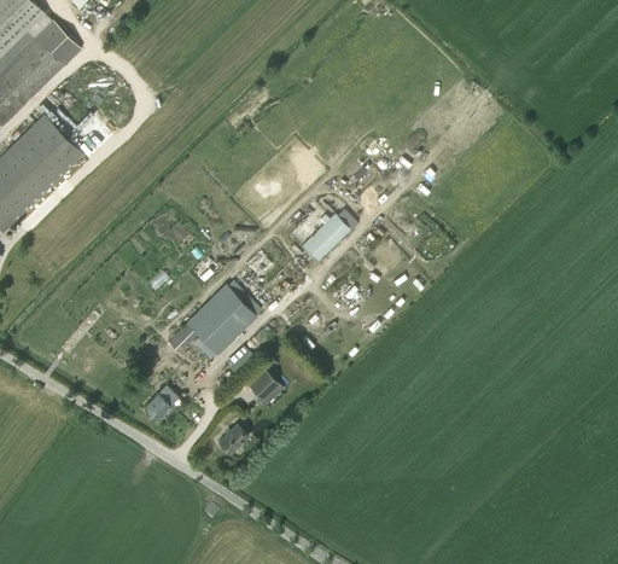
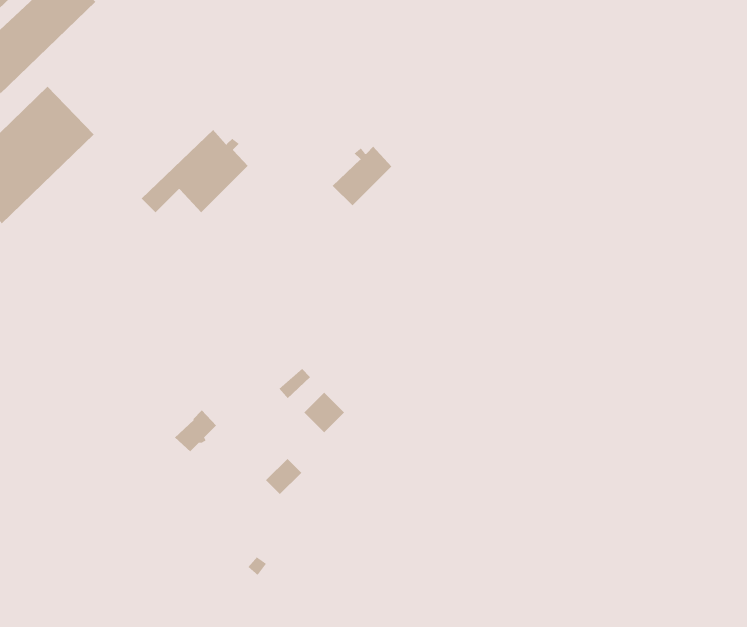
building: [302,213,351,262] -> [332,146,392,206]
building: [168,285,256,354] -> [141,129,248,213]

